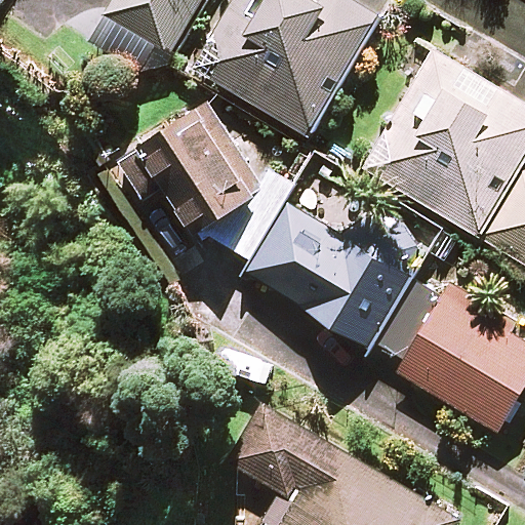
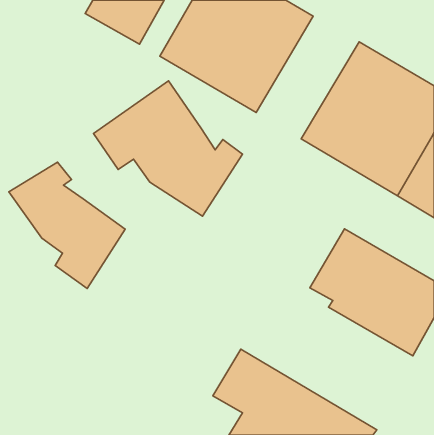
building: none -> [9,162,125,289]
building: [246,200,431,347] -> none

